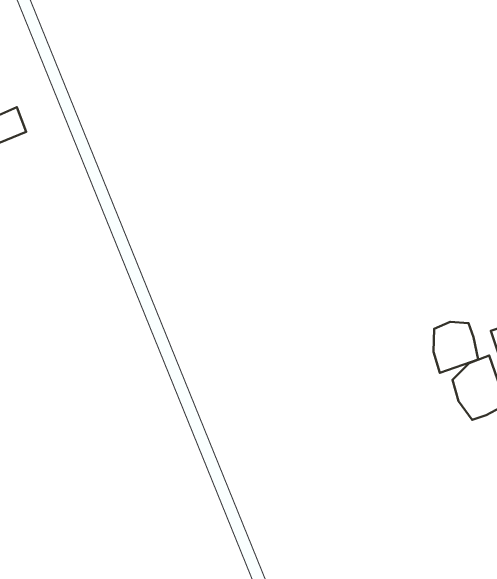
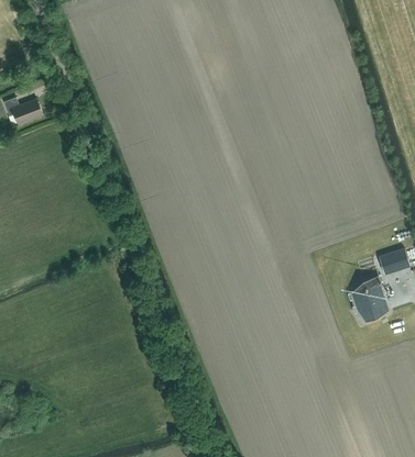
building: [433,322,478,373] -> none

